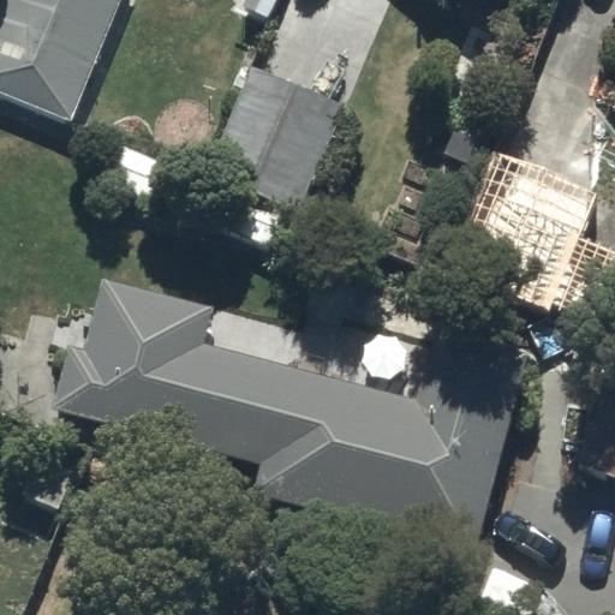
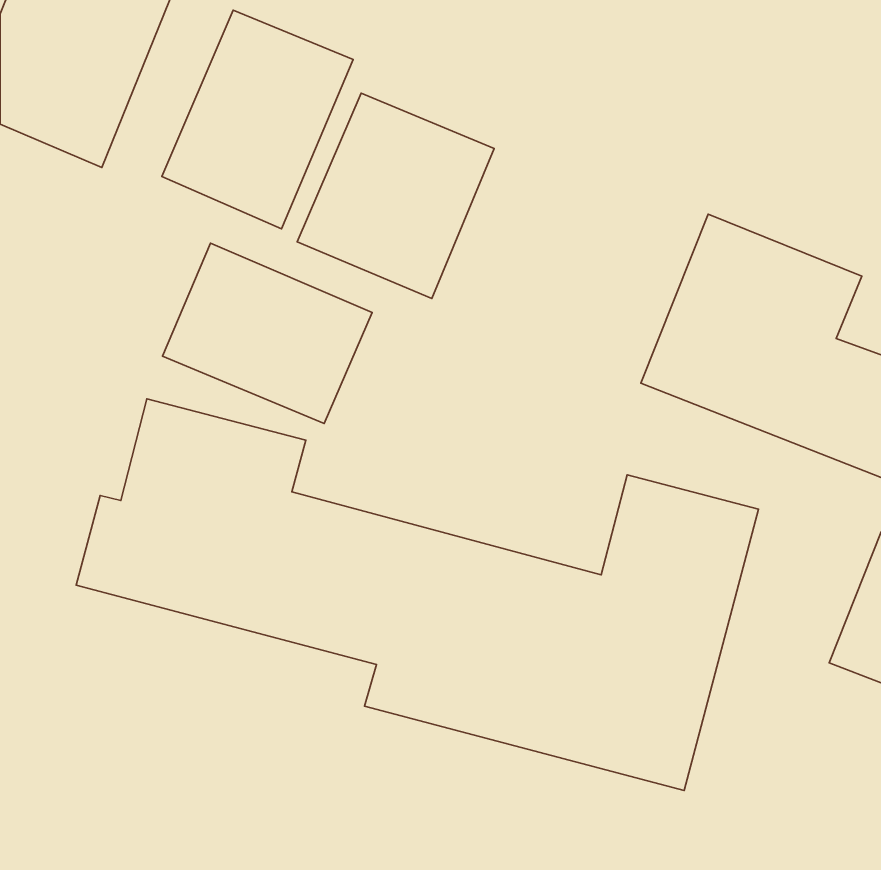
building: none -> [162,10,353,229]
building: none -> [163,243,372,424]

